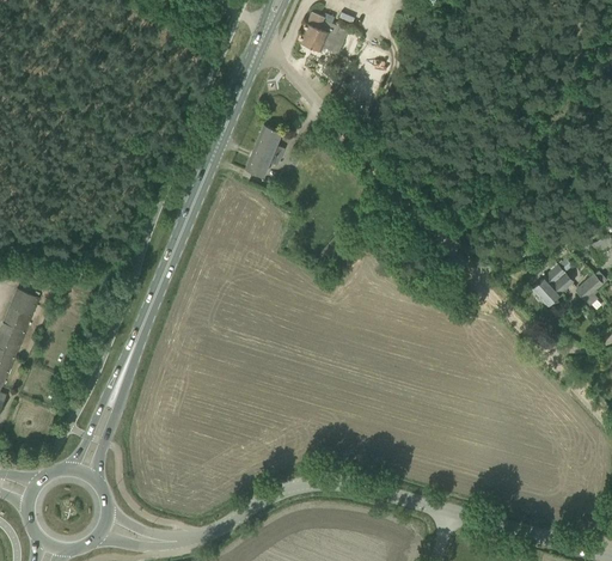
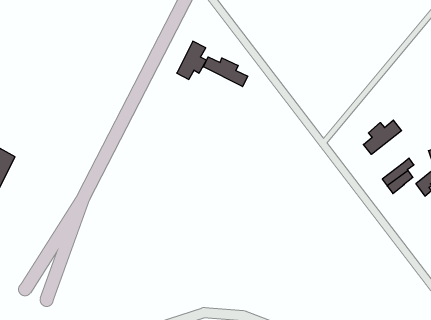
building: none -> [203,57,248,87]
building: none -> [363,120,402,154]

